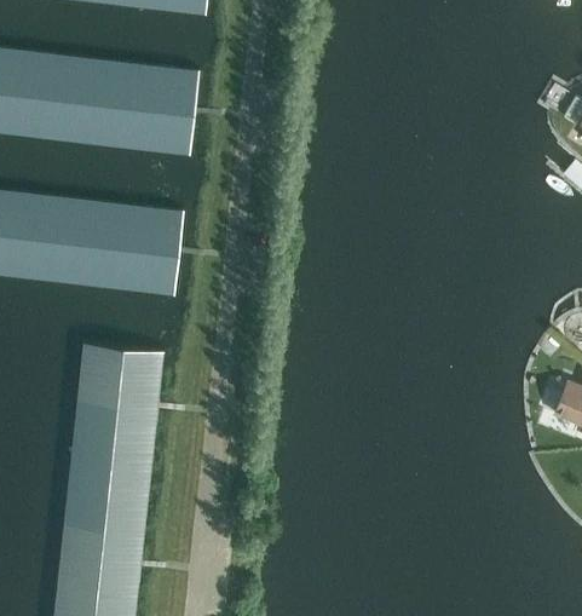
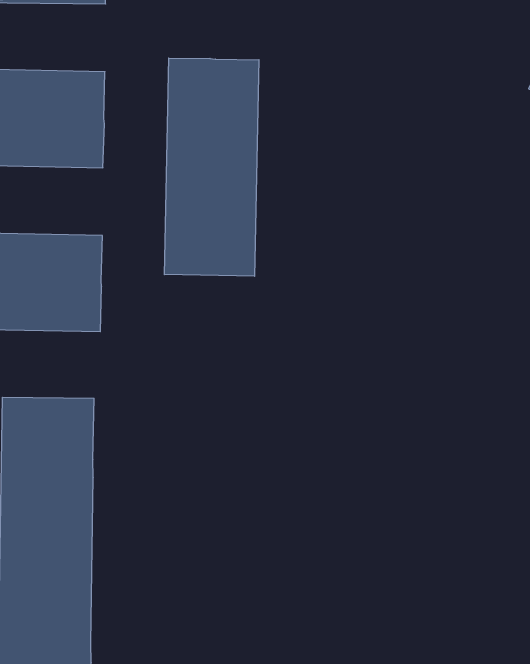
building: none -> [164,58,259,276]

